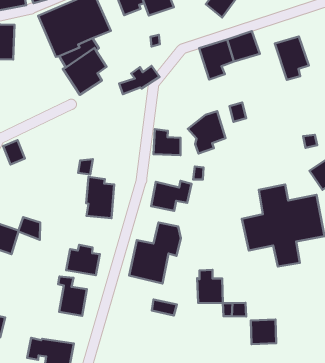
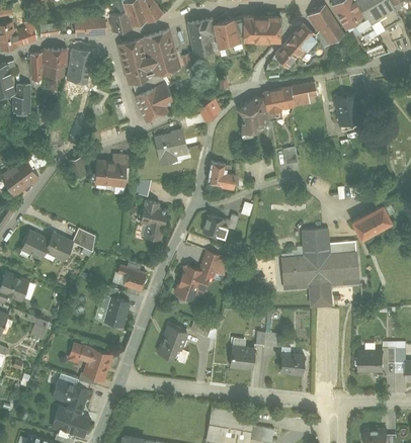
building: none -> [153,128,188,166]
building: [188,111,226,153] -> [235,95,269,132]
building: none -> [94,152,128,186]
building: [197,270,223,303] -> [229,338,254,371]
building: none -> [155,326,189,364]

